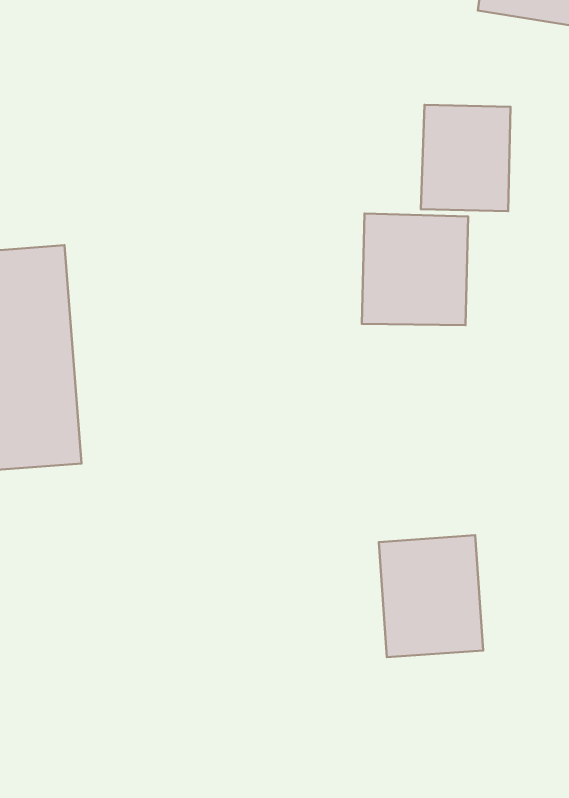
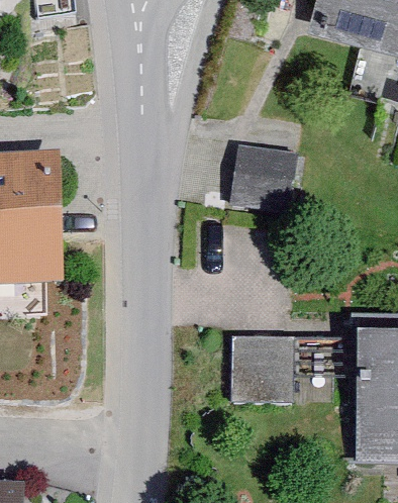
building: [421,105,510,211] -> none

